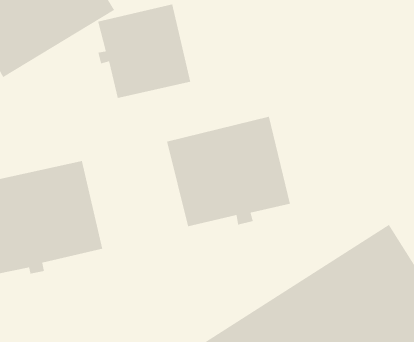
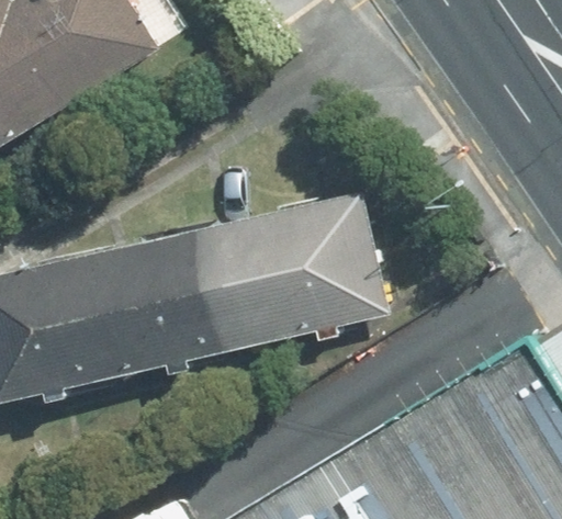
building: [97,3,191,99] -> none
building: none -> [114,225,255,376]

